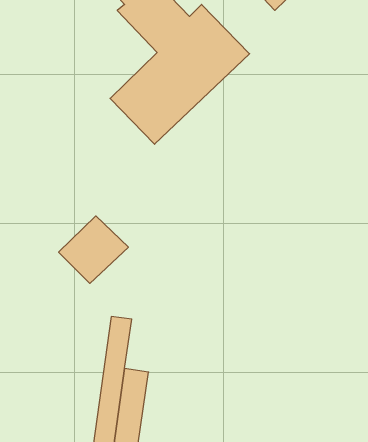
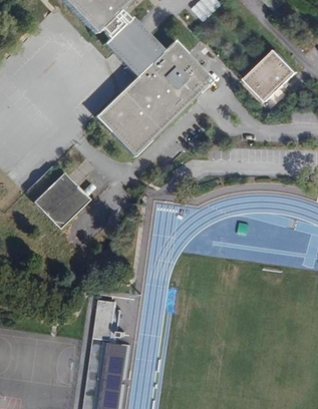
building: none -> [246,47,300,100]
building: [59,216,128,283] -> [32,172,90,229]

